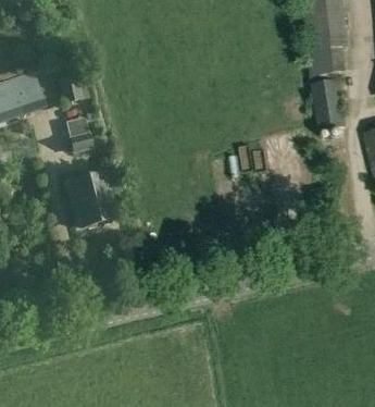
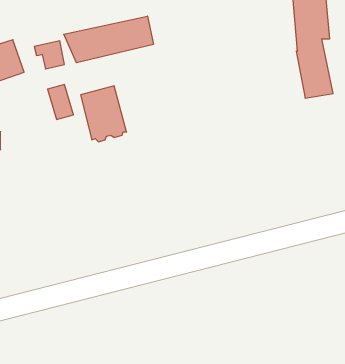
building: none -> [64,16,153,63]
building: [72,173,116,227] -> [81,86,127,142]

